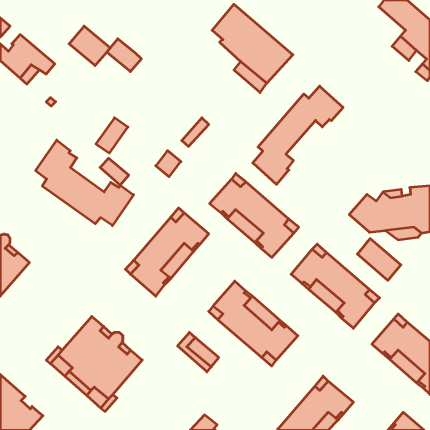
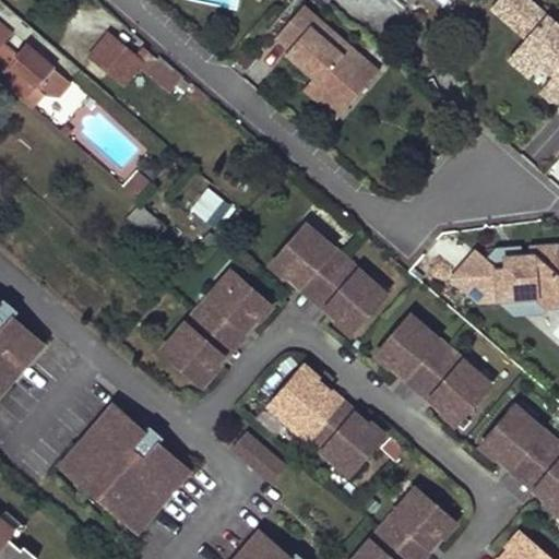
building: [253,86,343,184] -> none
building: [36,140,134,226] -> none
building: [357,239,401,280] -> none

